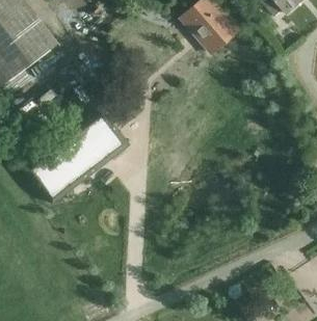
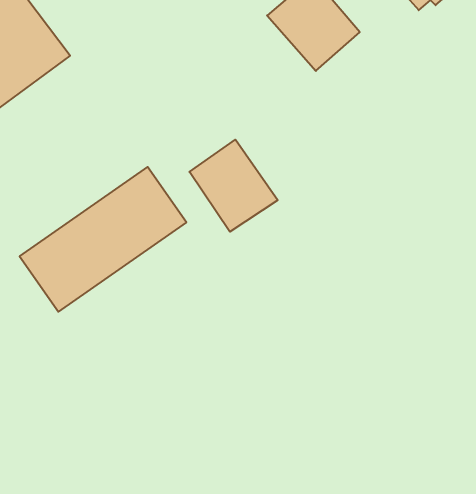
building: none -> [189,140,278,232]

